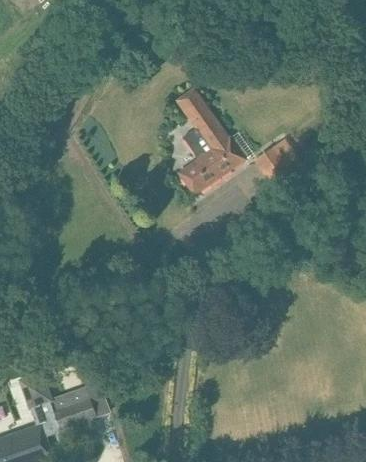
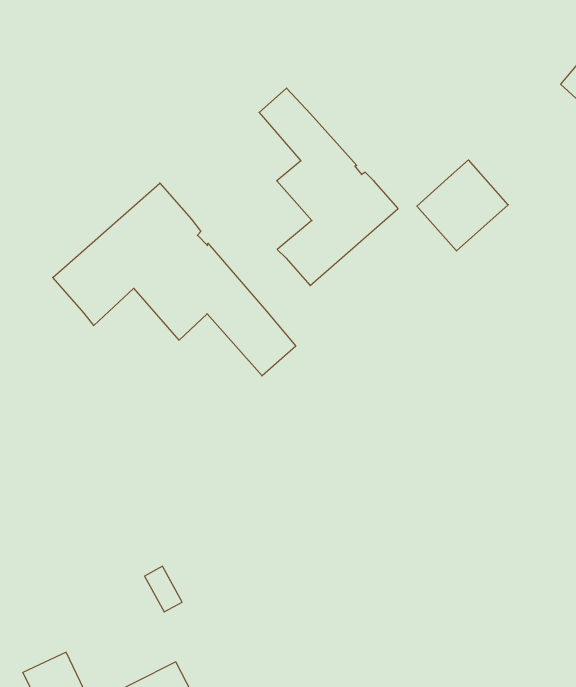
building: none -> [53,183,296,376]

